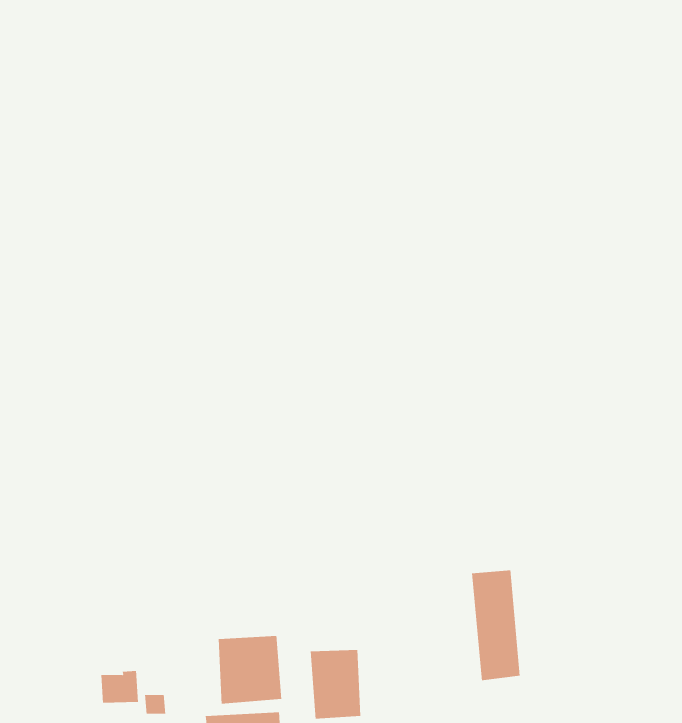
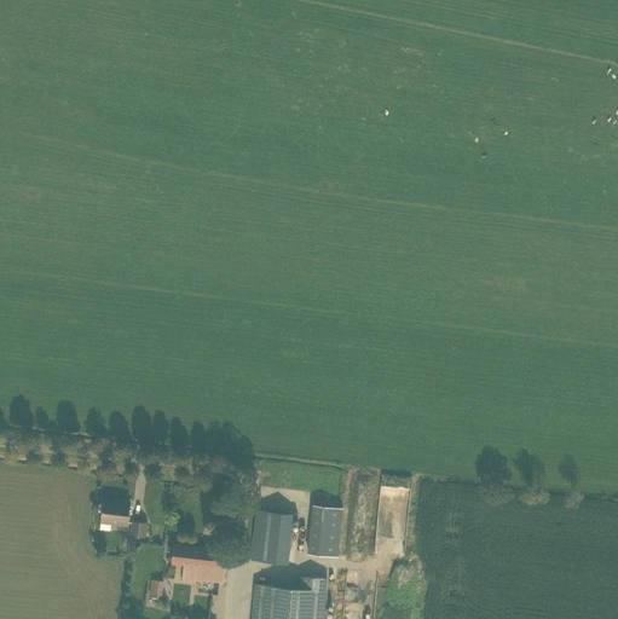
building: none -> [308,505,343,557]
building: [218,635,282,704] -> none

